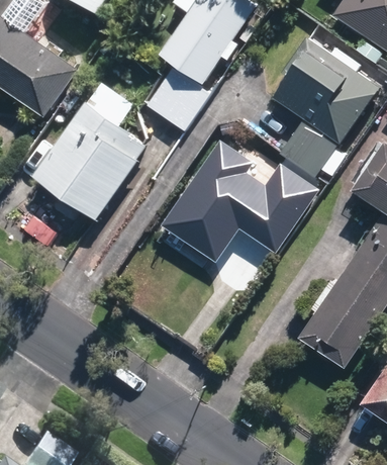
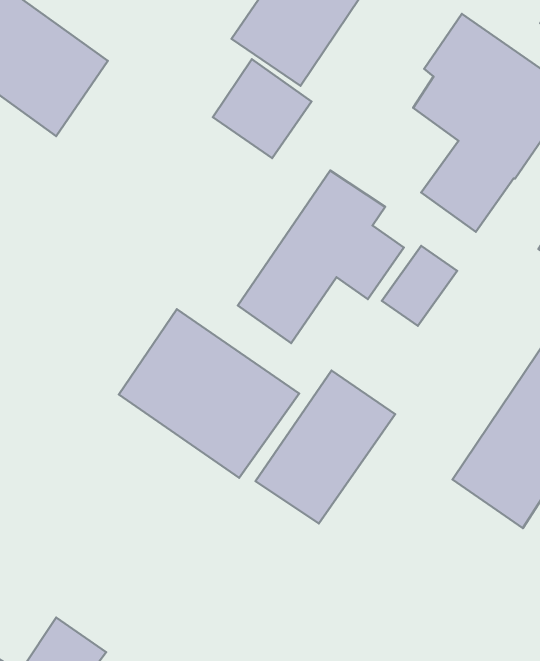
building: [33,101,143,218] -> none
building: none -> [119,309,299,478]
building: none -> [256,370,395,524]

